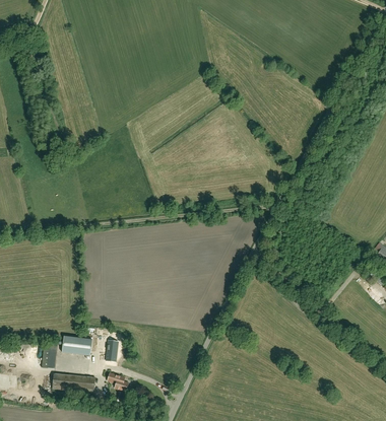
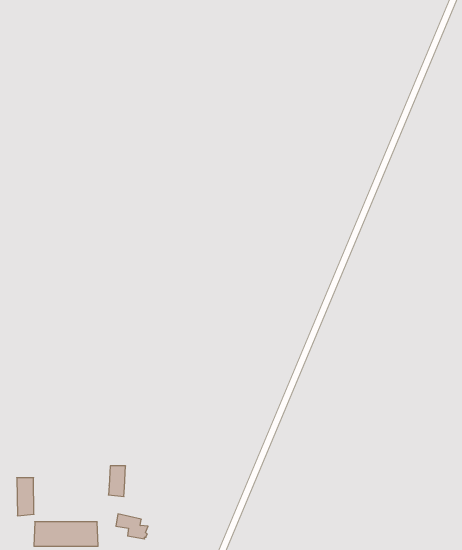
building: [63,336,93,355] -> none

